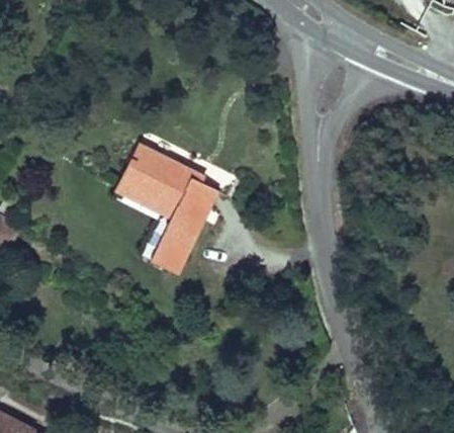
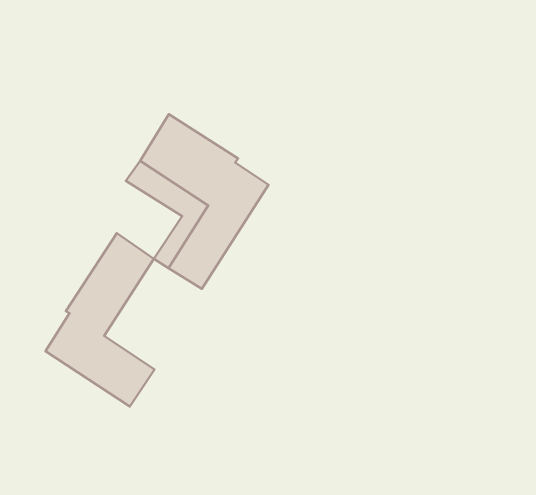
building: none -> [45,233,155,406]

